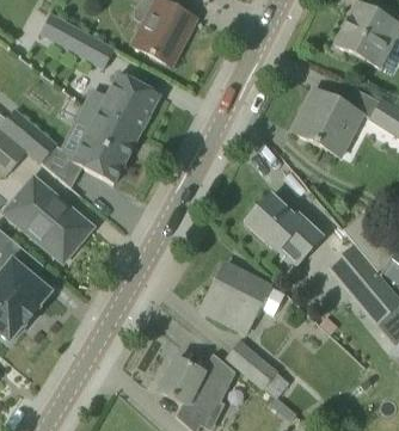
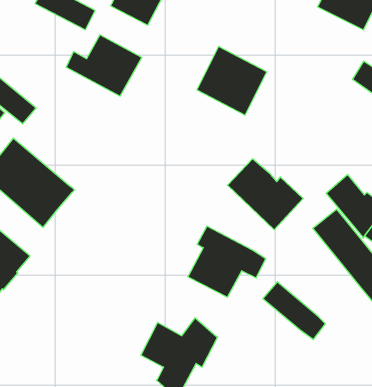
building: [293,88,362,156] -> [197,47,267,115]
building: [73,105,140,184] -> none
building: [227,341,289,399] -> [263,282,325,339]

